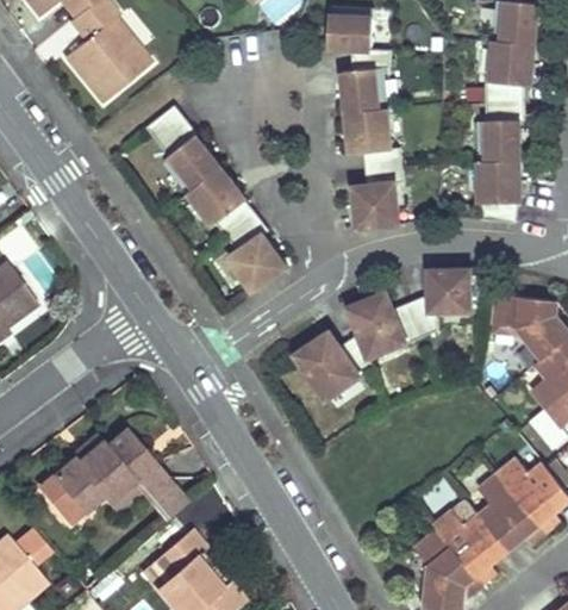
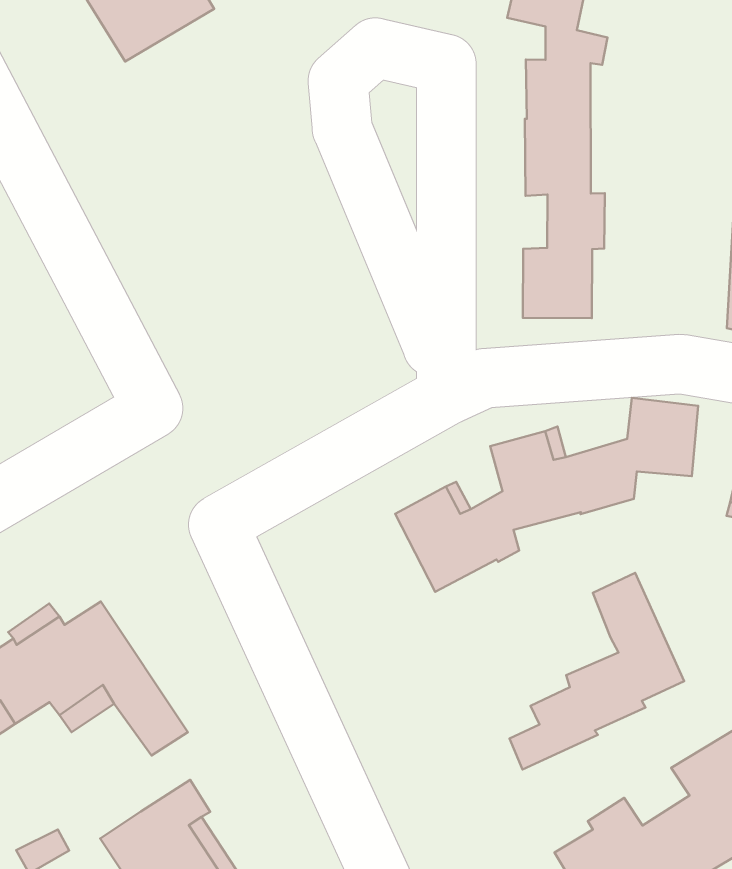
building: [144,105,287,292] -> none
building: none -> [510,573,684,769]

